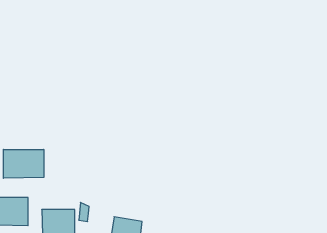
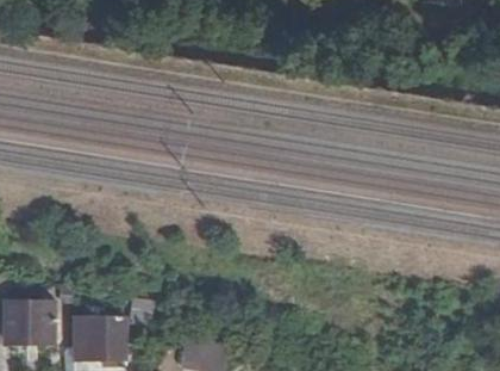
building: [3,149,44,178] -> none

